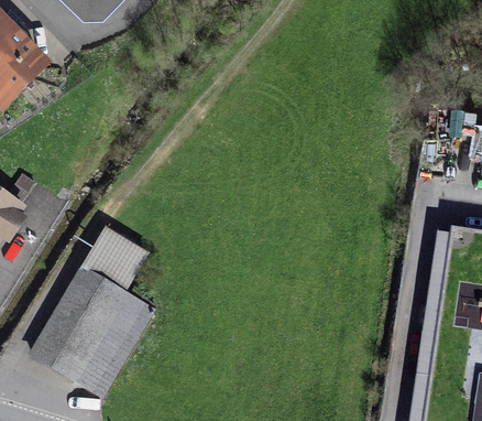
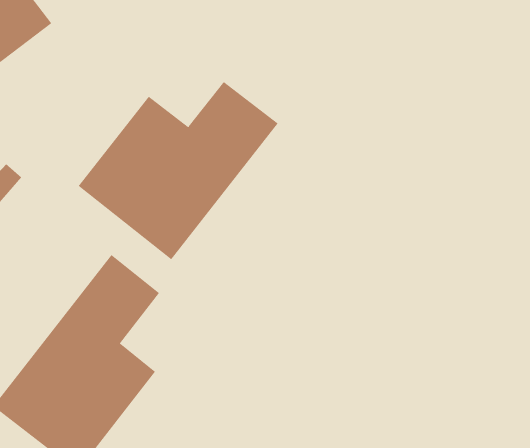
building: none -> [78,81,278,260]

